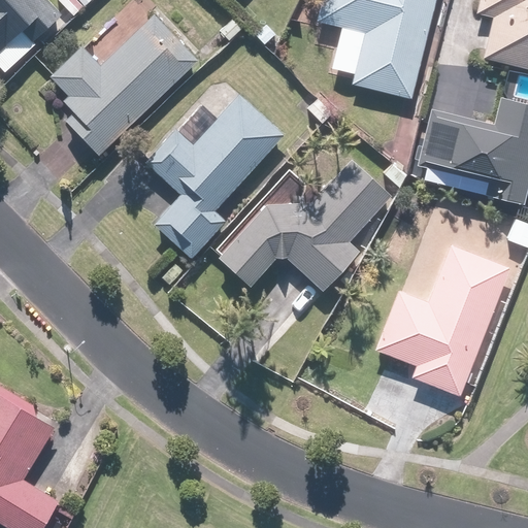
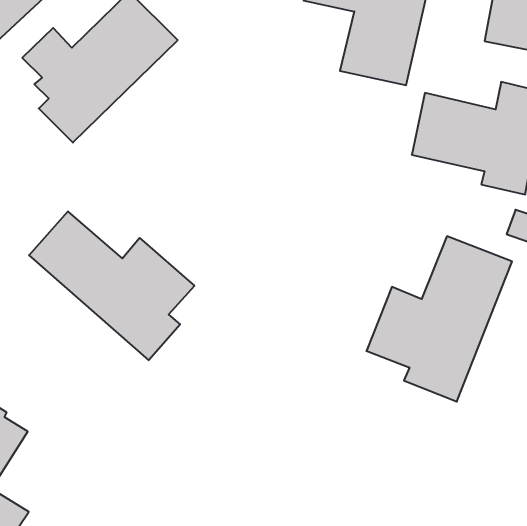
building: [145,95,285,261] -> none
building: [222,158,393,290] -> none
building: none -> [29,211,194,360]

